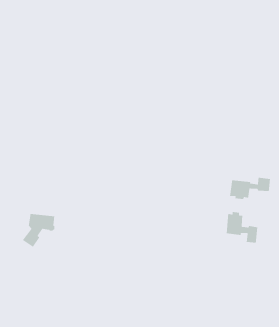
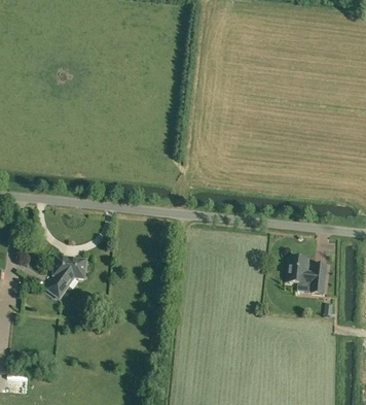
building: [229,177,271,200] -> none

